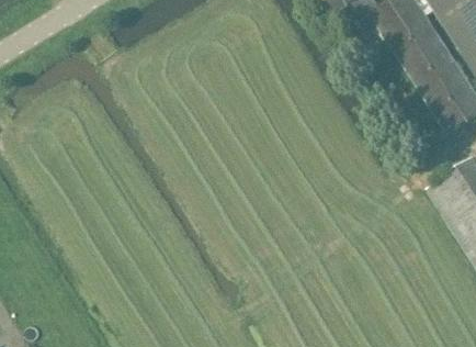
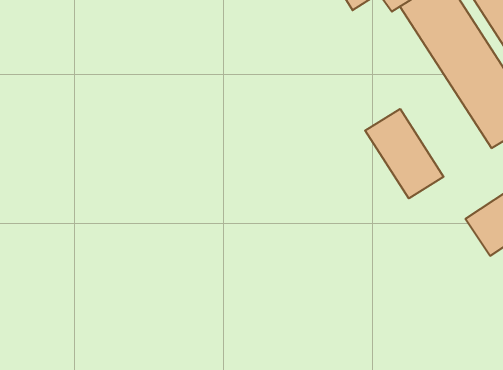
building: none -> [365,109,444,198]

